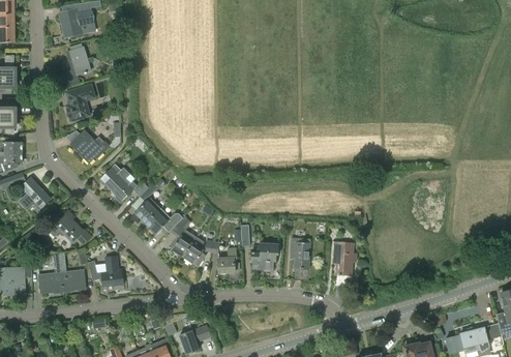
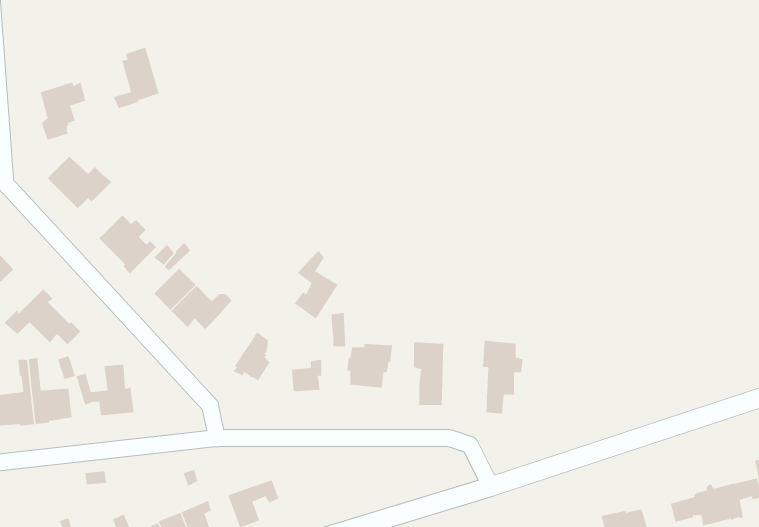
building: [62,43,90,81] -> [113,47,159,109]
building: [170,215,197,257] -> [294,251,339,319]

